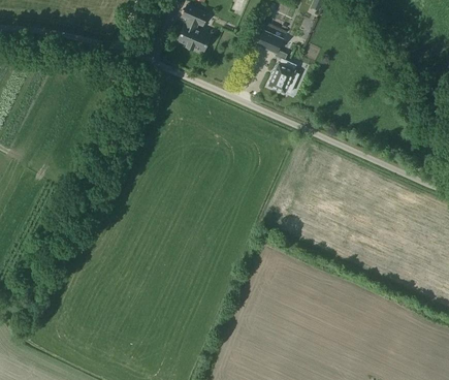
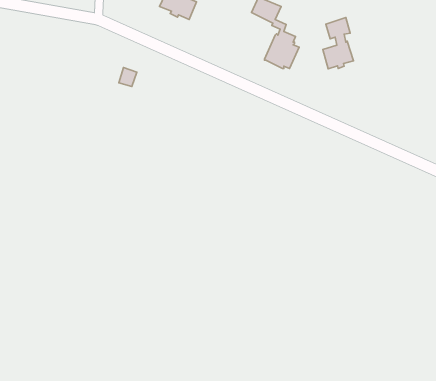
building: none -> [323,18,353,69]

